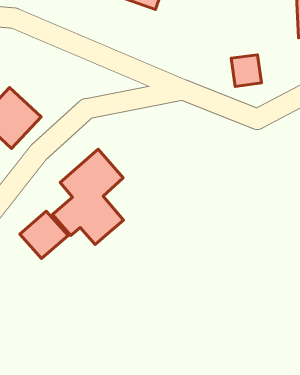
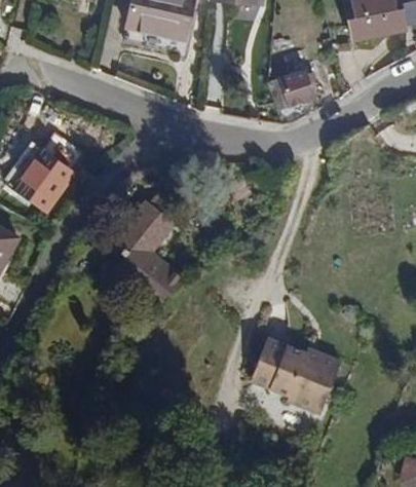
building: [20,211,68,259] -> none
building: none -> [251,337,343,418]

